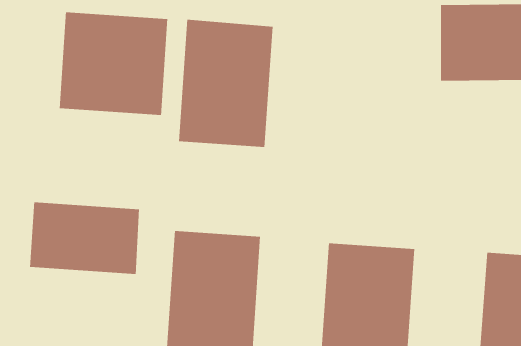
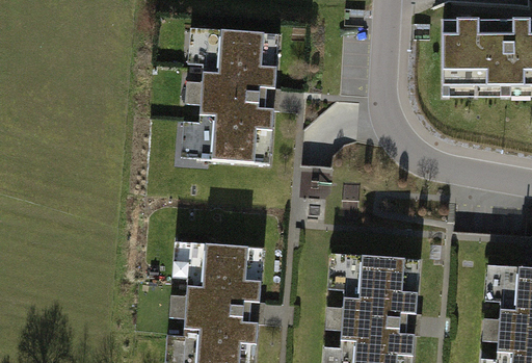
building: [59,12,168,116] -> none
building: [30,202,140,275] -> none

